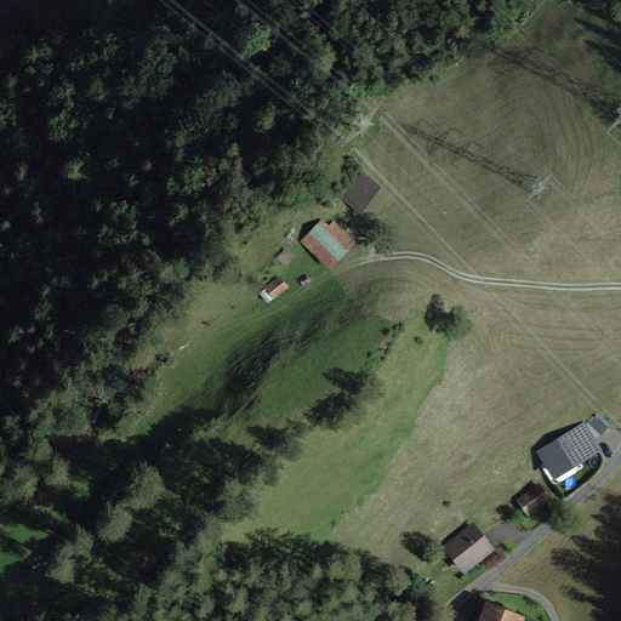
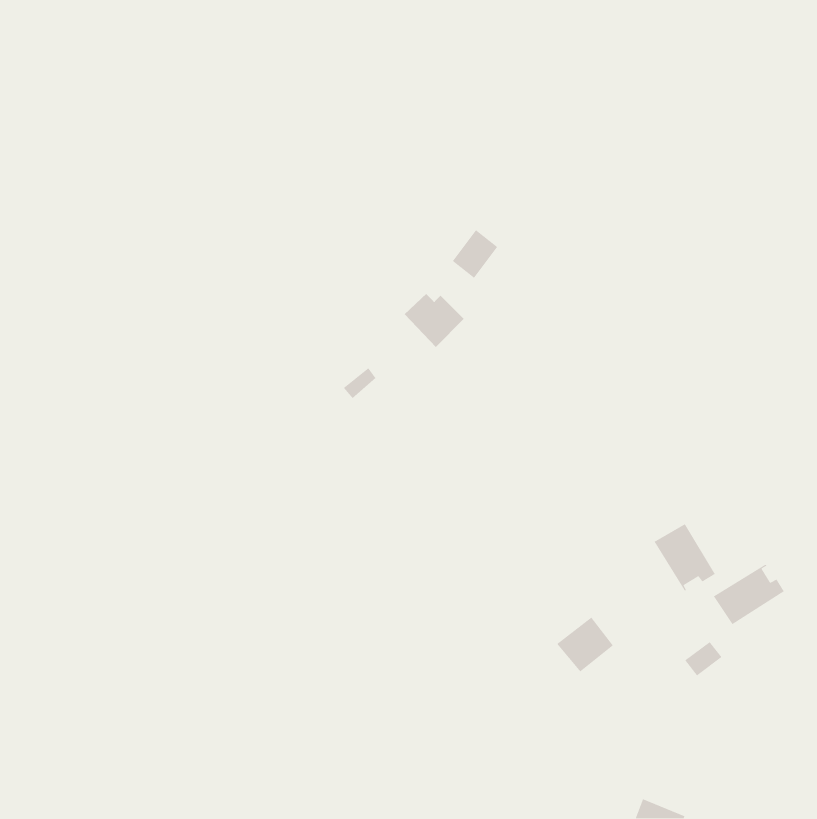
building: none -> [653,523,716,593]
building: [445,526,489,569] -> [556,617,614,673]

